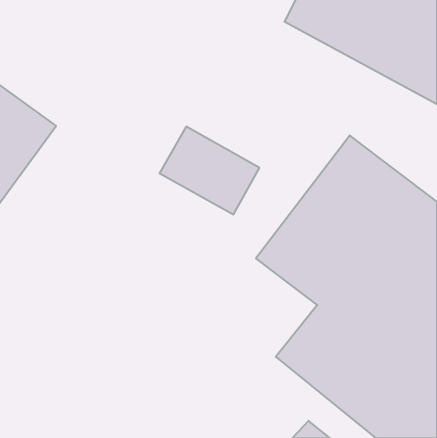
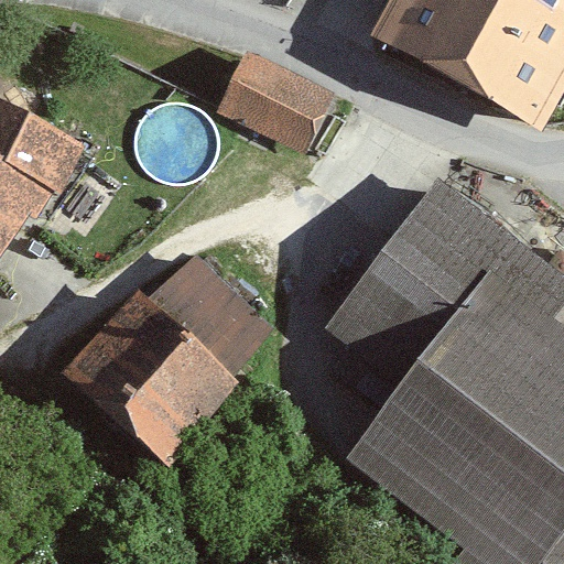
building: [159,127,259,214] -> [214,48,341,161]
building: none -> [61,254,280,465]

